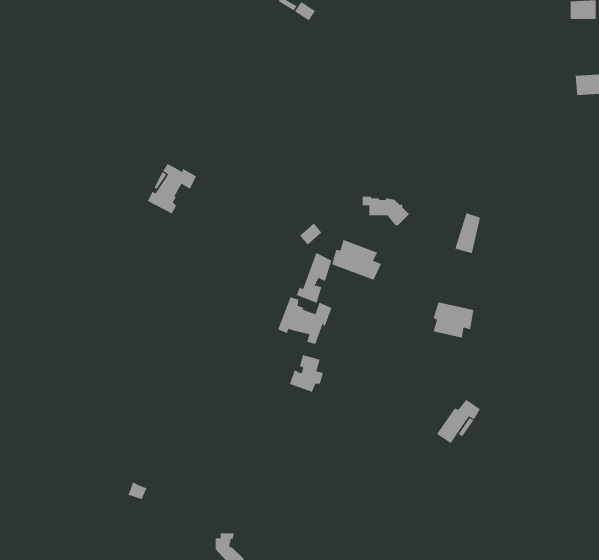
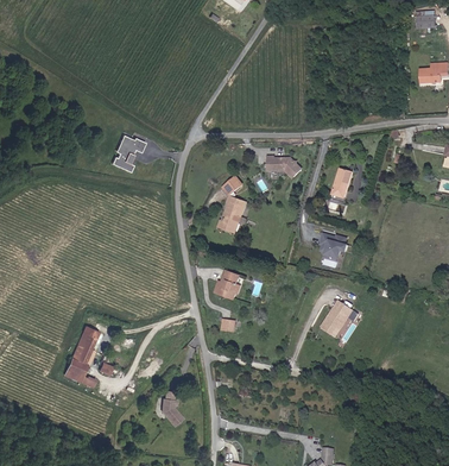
building: [332,239,382,280] -> none
building: [277,297,332,345] -> none
building: none -> [64,325,100,386]

